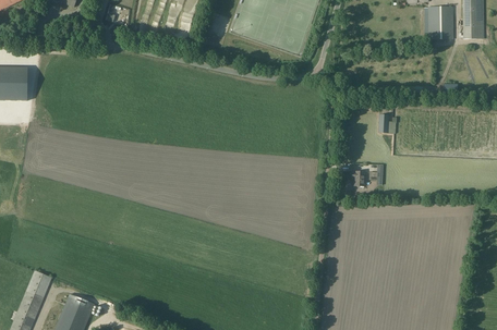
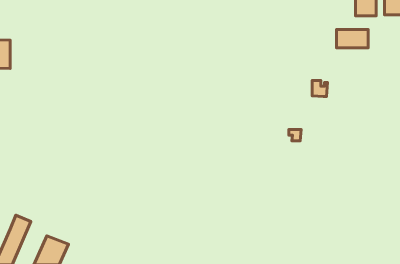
building: none -> [337,29,368,48]

